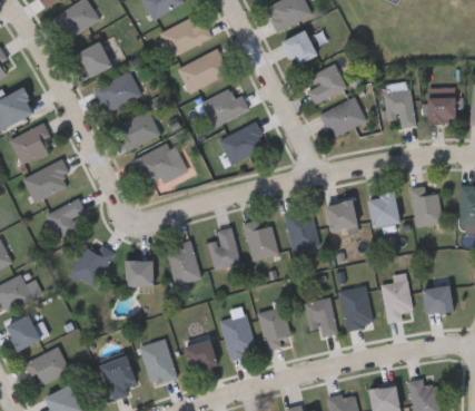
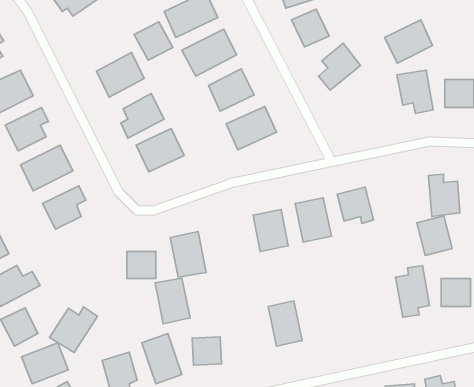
building: [76,41,112,78] -> [134,22,173,60]
building: [320,97,366,138] -> [385,20,433,63]
building: [367,190,400,228] -> [417,216,452,256]
building: [208,227,240,270] -> none
building: [69,245,115,288] -> [50,307,98,353]
building: [339,286,374,331] -> none
building: [304,297,337,337] -> none
building: [221,316,255,360] -> [155,278,190,324]

